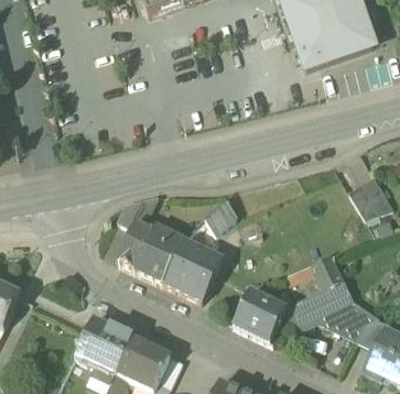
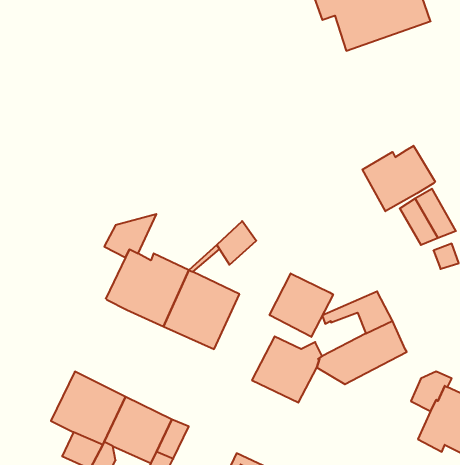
building: none -> [362,146,435,211]
building: none -> [270,273,333,337]
building: [322,298,377,339] -> none

